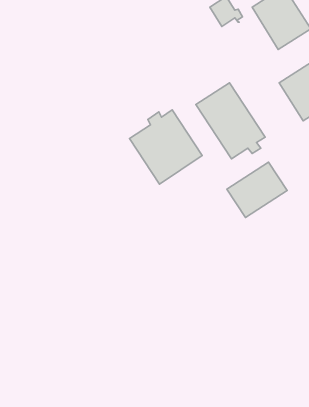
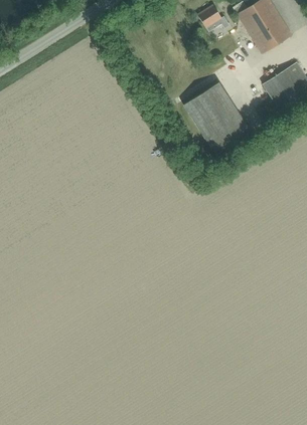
building: [129,110,202,184] -> none
building: [227,162,287,218] -> none

